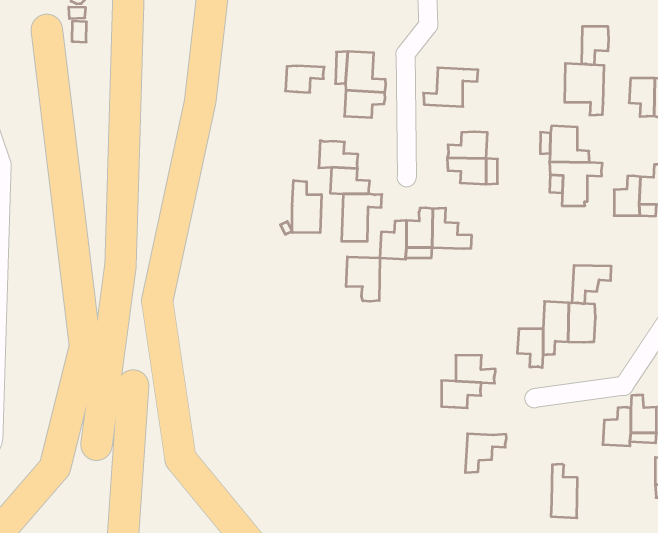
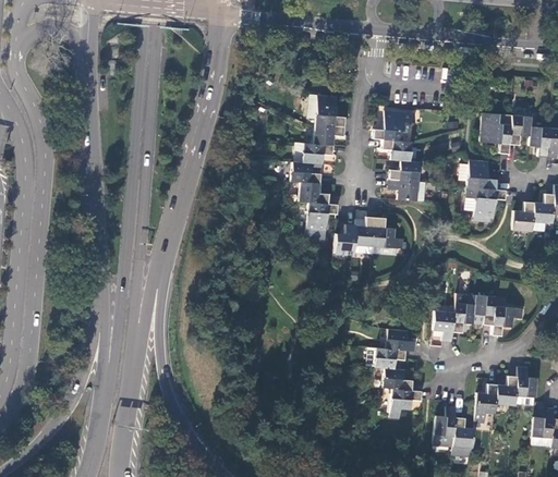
building: [582,27,609,65] -> [510,114,532,144]
building: [285,66,324,92] -> [303,142,333,162]
building: none -> [381,137,412,159]
building: [292,180,321,233] -> none
building: [346,257,380,301] -> none
building: [572,265,611,304] -> [492,305,523,334]
building: none -> [383,367,412,390]
building: none -> [474,382,497,420]
building: none -> [434,404,456,443]

